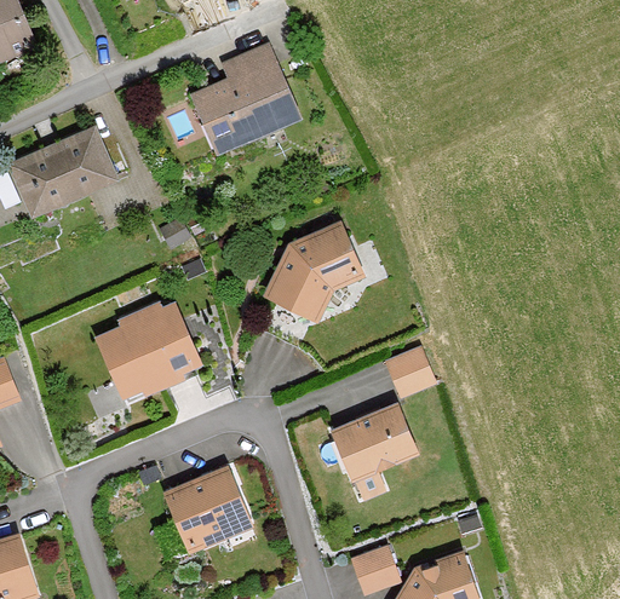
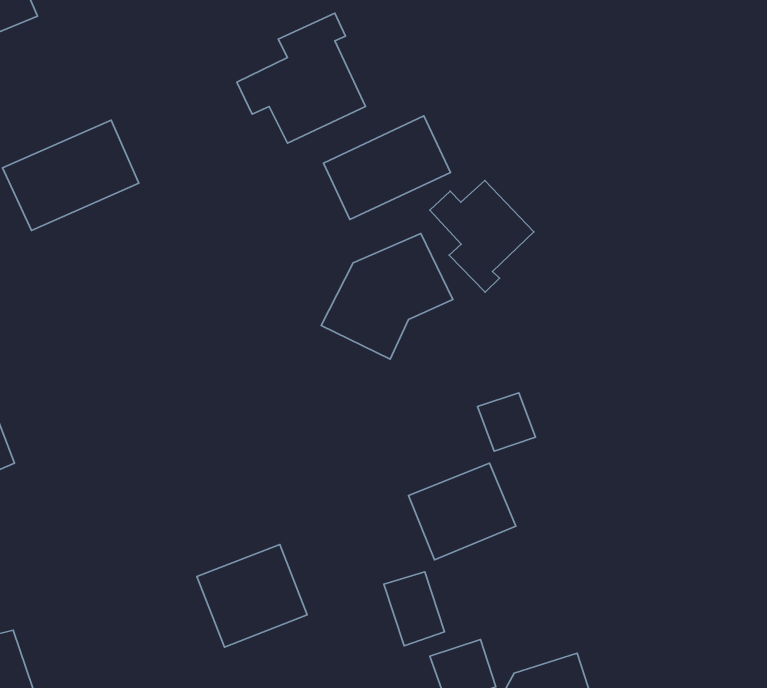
building: none -> [323,116,450,220]
building: none -> [430,180,534,292]
building: [97,305,202,402] -> none
building: none -> [384,572,444,646]

